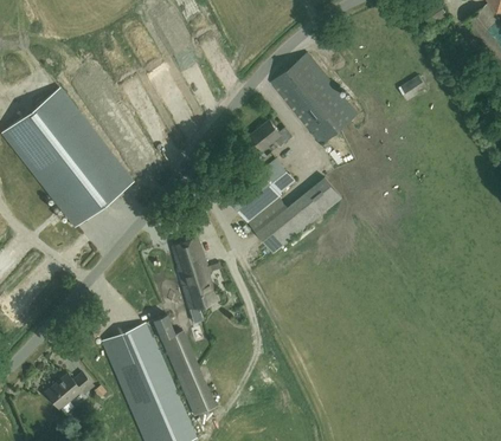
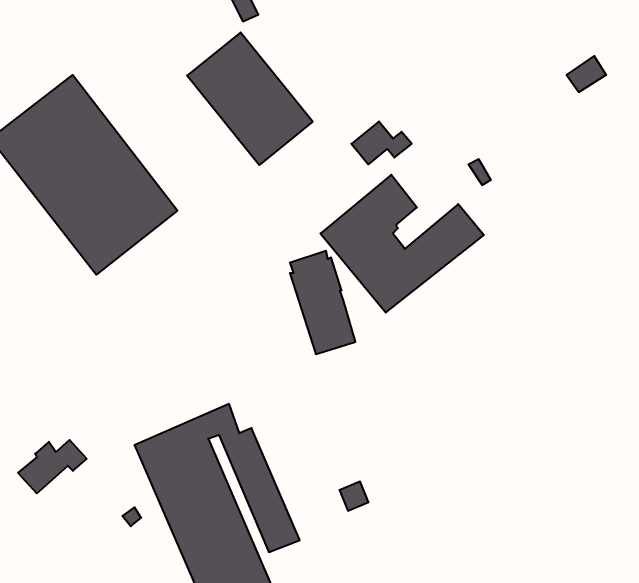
building: [271,53,358,144] -> [187,32,313,165]
building: [172,239,217,310] -> [290,251,355,354]
building: [46,372,94,409] -> [18,440,87,493]

